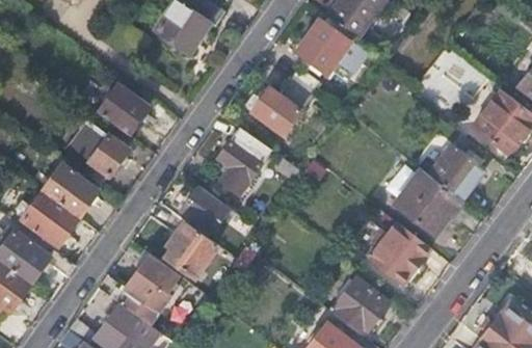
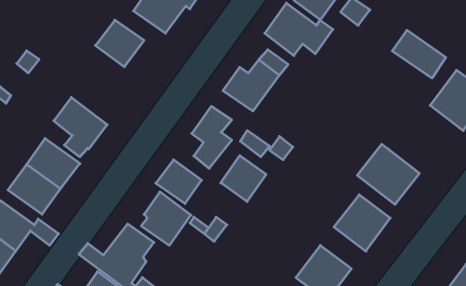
building: [98,83,150,133] -> [95,20,144,67]
building: [428,143,485,200] -> none
building: none -> [221,156,266,202]

